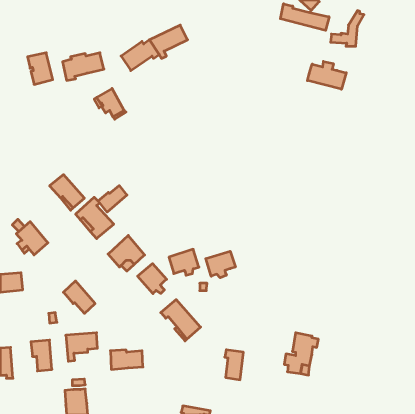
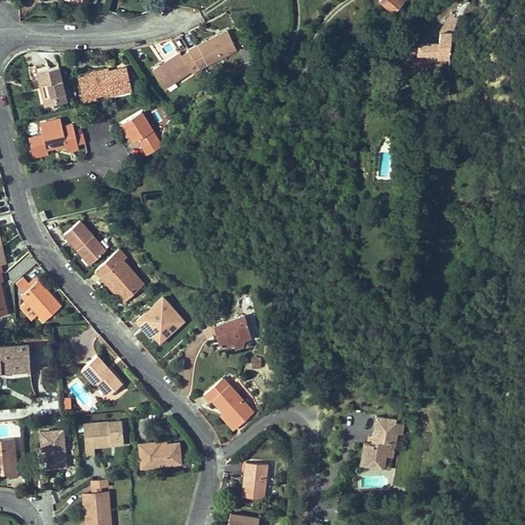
building: [280,4,329,30] -> none
building: [307,61,346,89] -> none
building: none -> [29,120,78,154]
building: [98,186,127,212] -> none
building: [206,251,235,278] -> none
building: [138,264,167,294] -> none
building: [225,350,243,380] -> [244,462,268,500]

